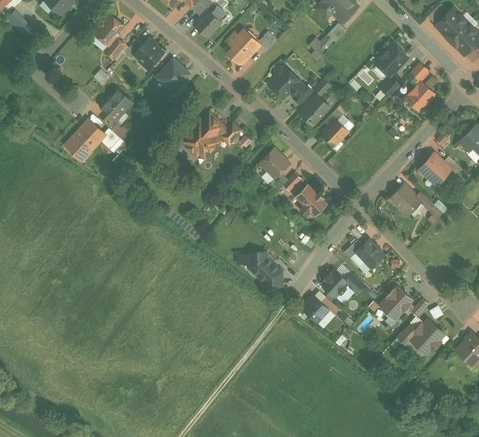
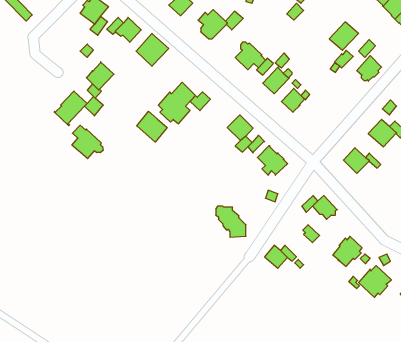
building: none -> [137,111,167,142]
building: none -> [72,125,103,159]
building: [320,270,347,296] -> none

